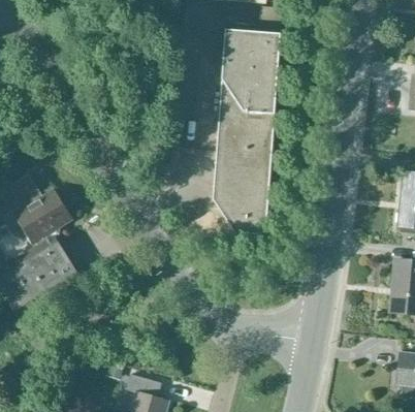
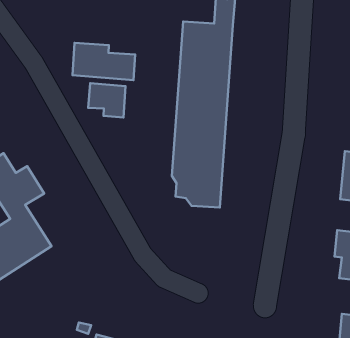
building: none -> [73,43,135,80]
building: none -> [88,83,126,117]

